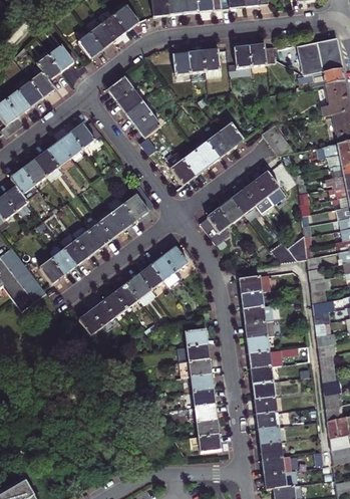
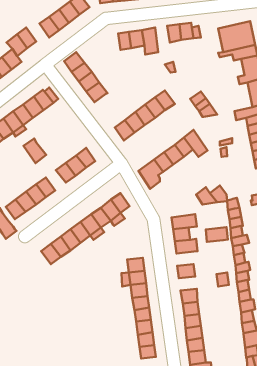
building: [82,215,110,245] -> [23,139,46,163]
building: [246,319,273,337] -> [206,227,228,242]
building: [249,349,282,367] -> none

